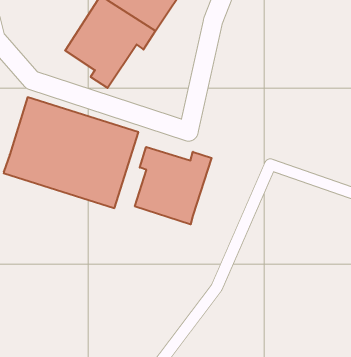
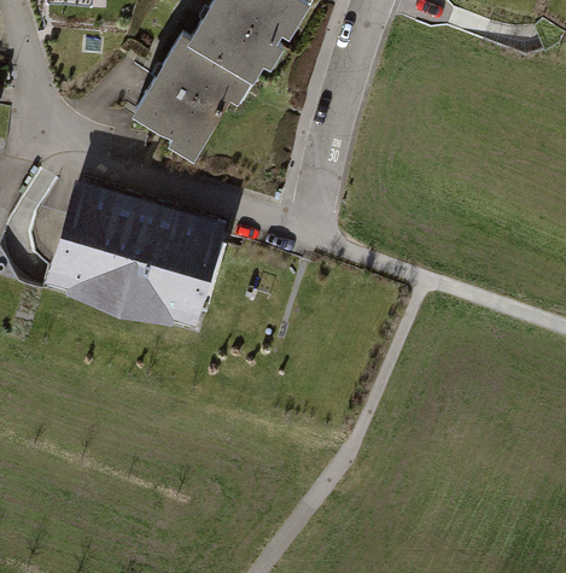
building: [135,147,212,224] -> none

